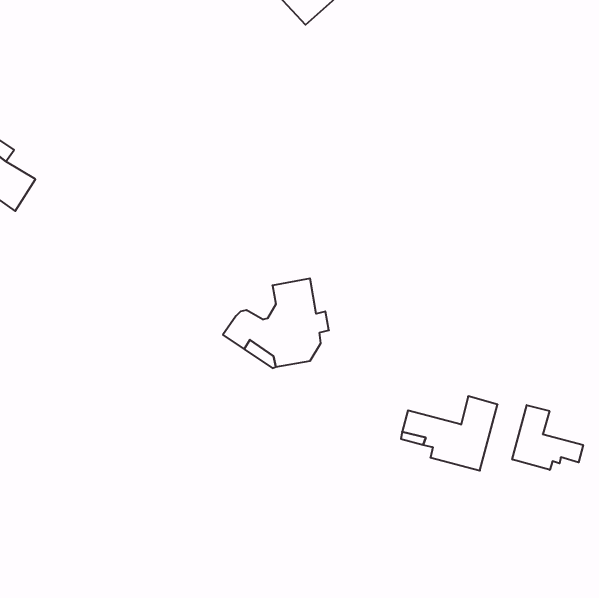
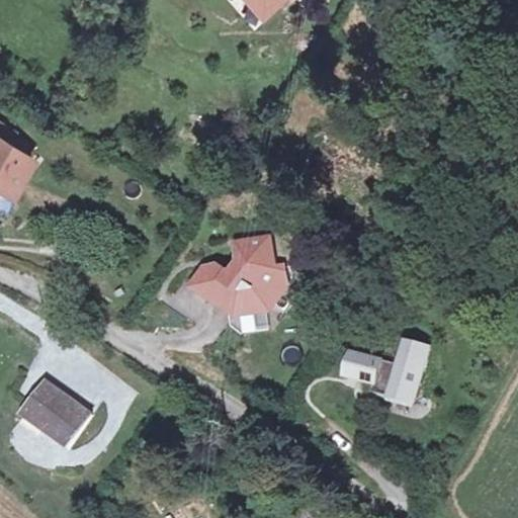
building: [512,405,583,470] -> none
building: none -> [22,376,88,438]

